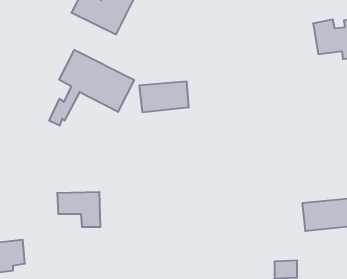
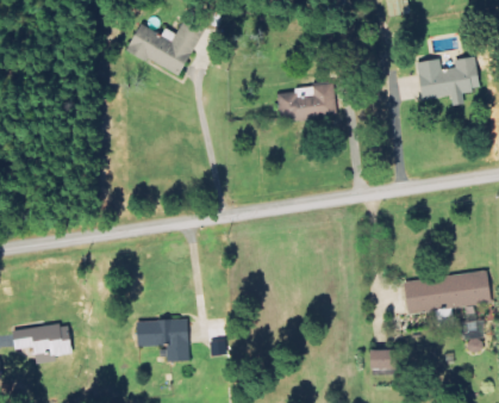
building: [49,50,134,126] -> none
building: [139,82,189,112] -> [276,86,336,123]
building: [57,192,101,227] -> [136,320,188,361]

